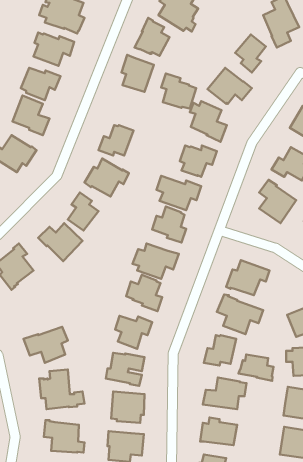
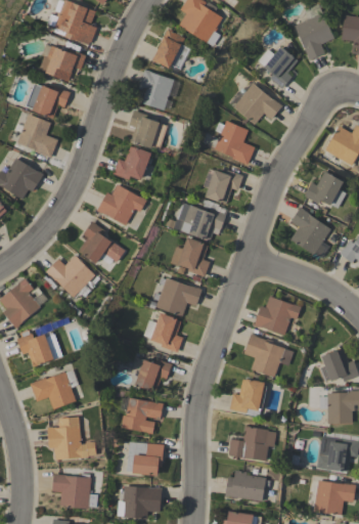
building: [161,73,196,109] -> [129,110,168,148]
building: none -> [16,329,62,366]
building: [239,354,274,381] -> none

